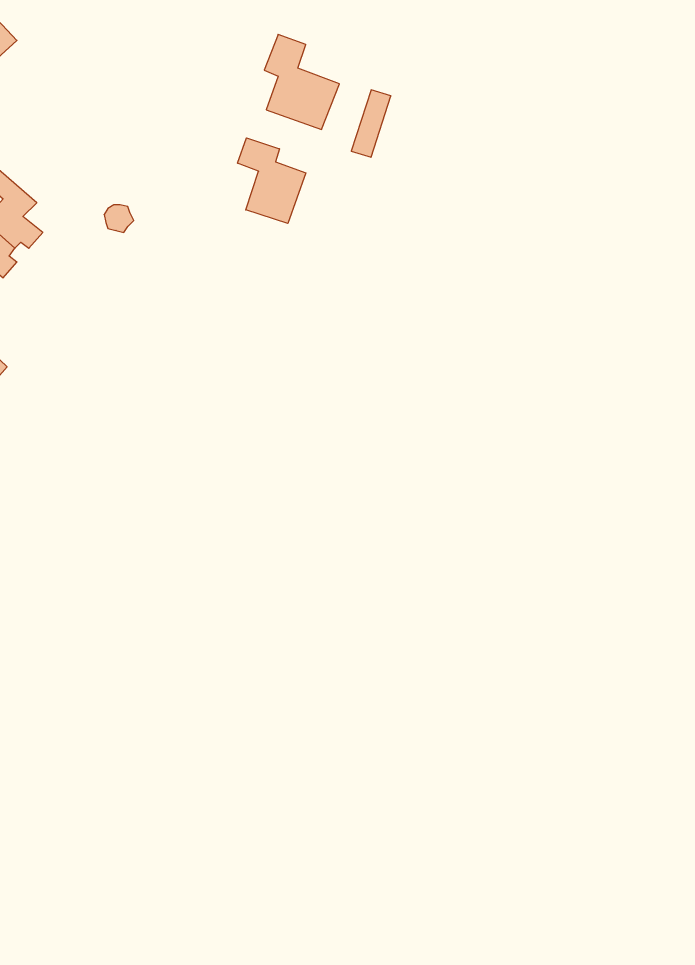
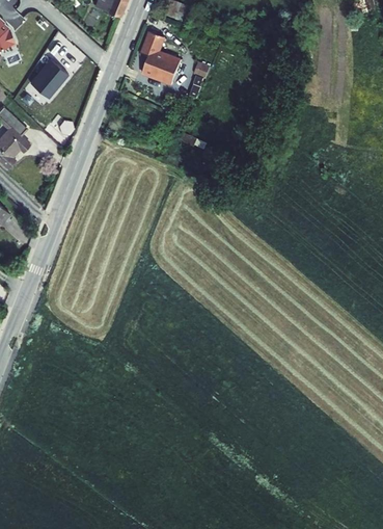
building: none -> [27,61,67,102]
building: [238,138,306,223] -> none

